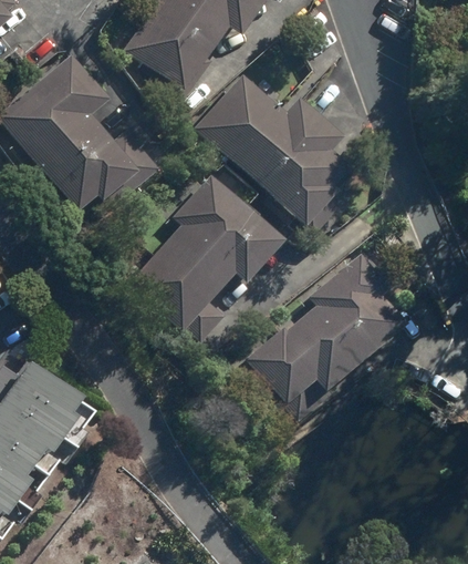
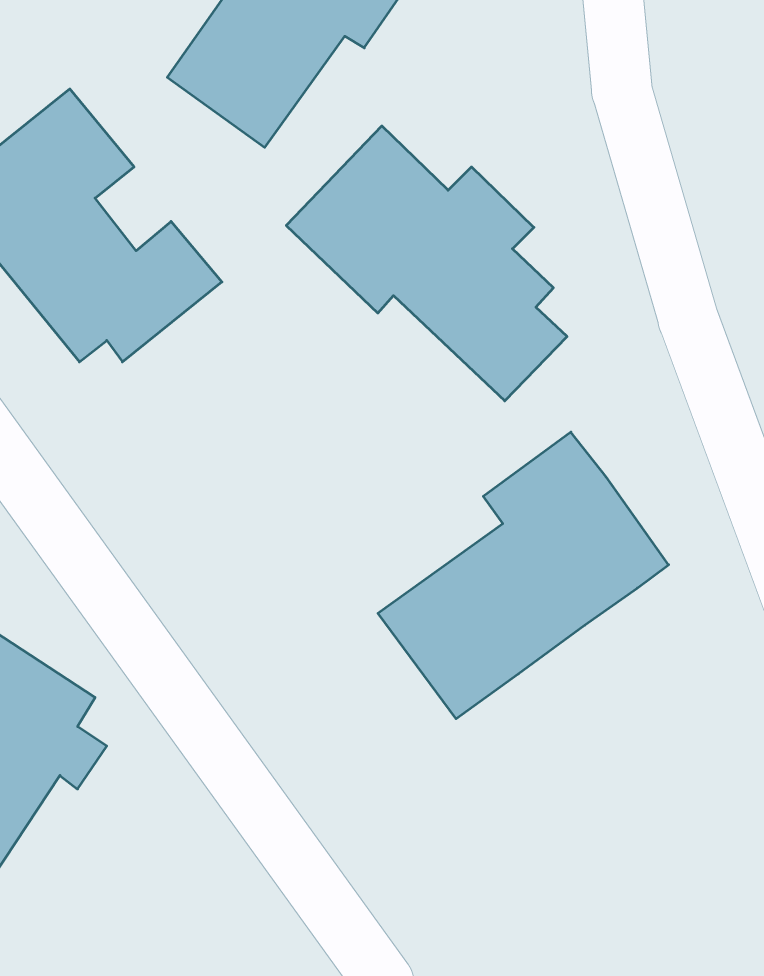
building: [116,168,278,342] -> none

